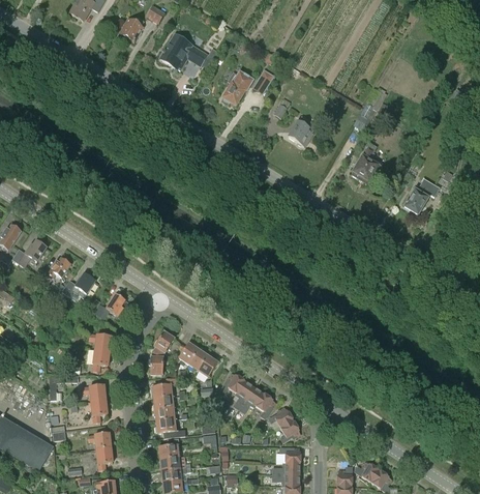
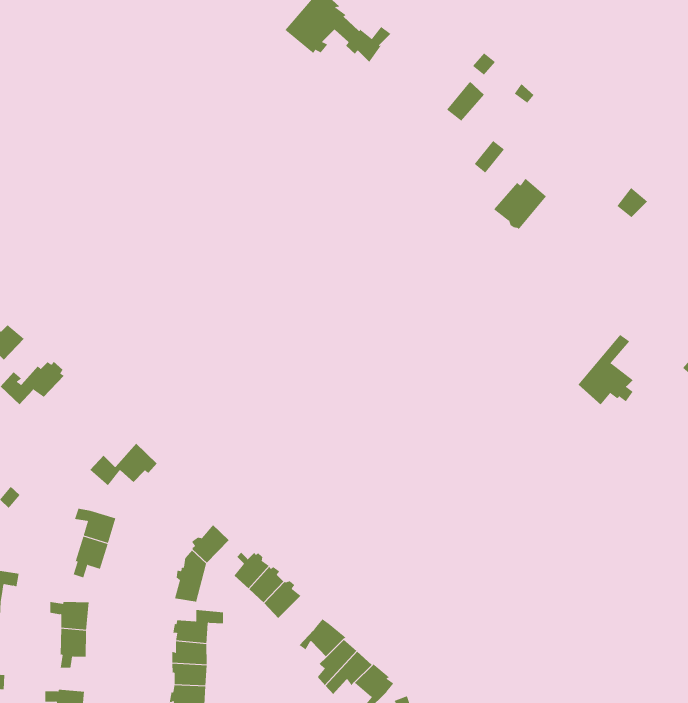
building: [222,71,252,105] -> none
building: [351,143,382,183] -> [577,334,634,406]
building: [61,272,95,301] -> none

